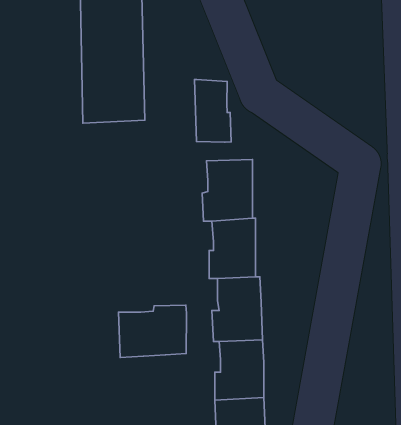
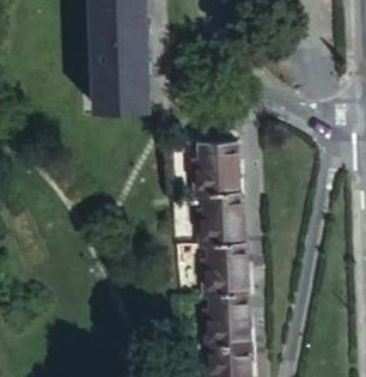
building: [195,79,231,142] -> none
building: [118,305,186,358] -> none

